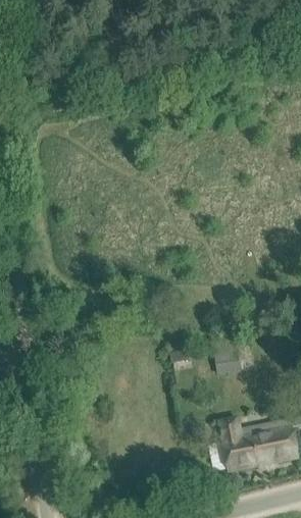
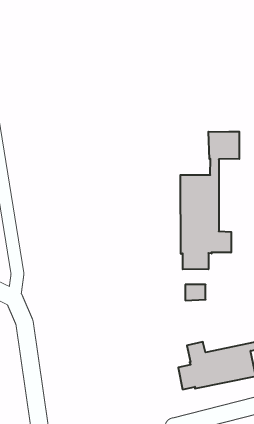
building: none -> [180,132,239,269]

